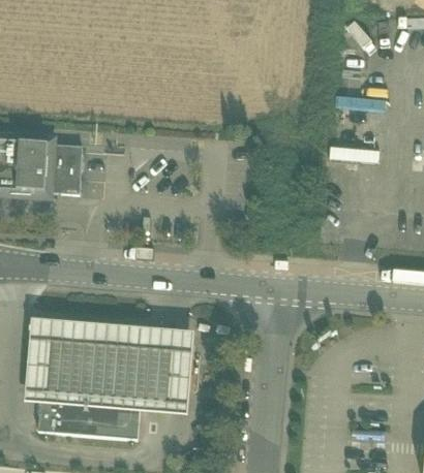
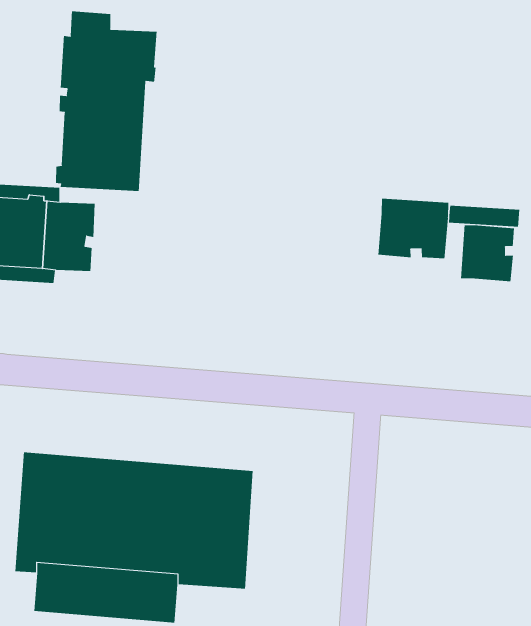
building: none -> [55,11,157,192]
building: none -> [378,198,449,259]
building: none -> [461,224,514,282]

